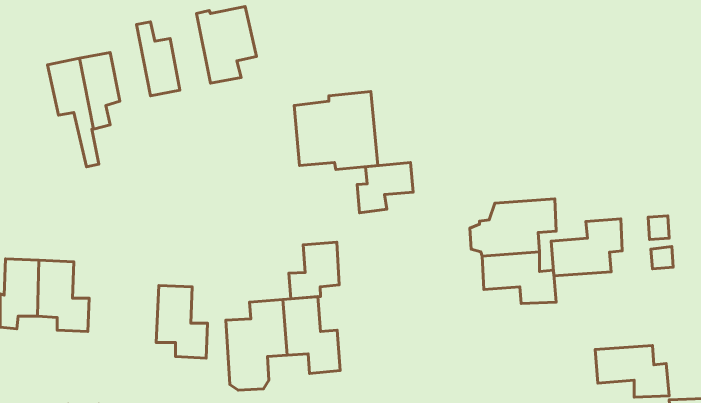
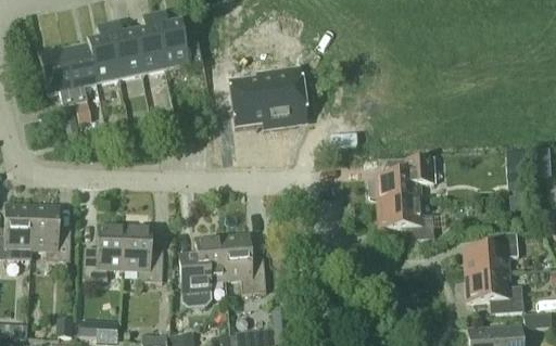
building: none -> [135,13,166,73]
building: none -> [88,22,119,81]
building: [357,162,413,213] -> none
building: [551,219,622,276] -> [464,230,519,274]
building: [289,242,339,299] -> none
building: none -> [84,223,126,279]

